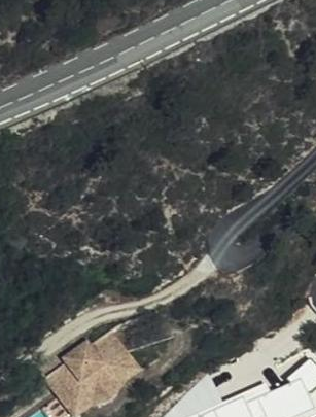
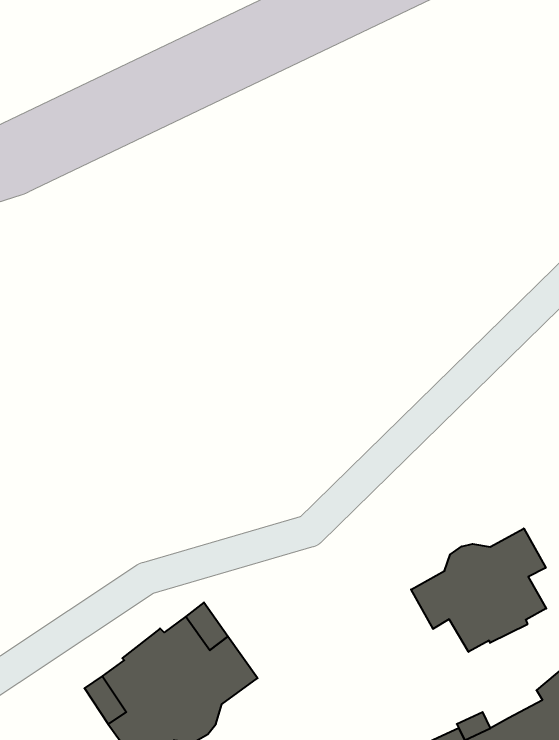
building: none -> [411,528,546,652]

